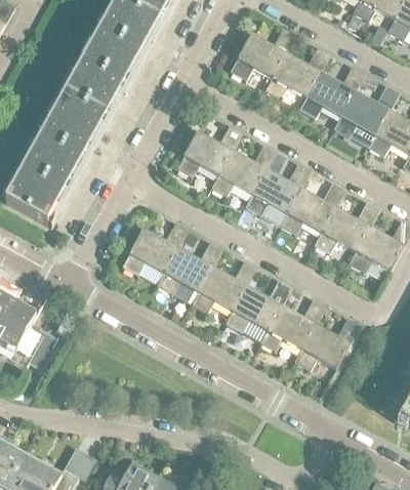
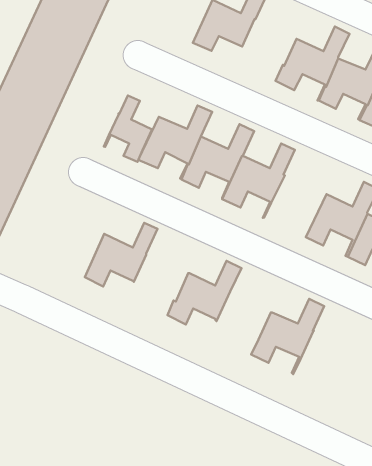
building: [262,46,329,98] -> none
building: none -> [104,95,152,162]
building: [279,181,344,245] -> none
building: [155,241,221,293] -> none
building: [223,280,290,342] -> none
building: [294,318,359,370] -> none

